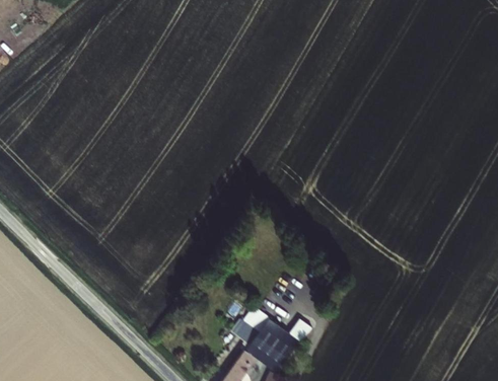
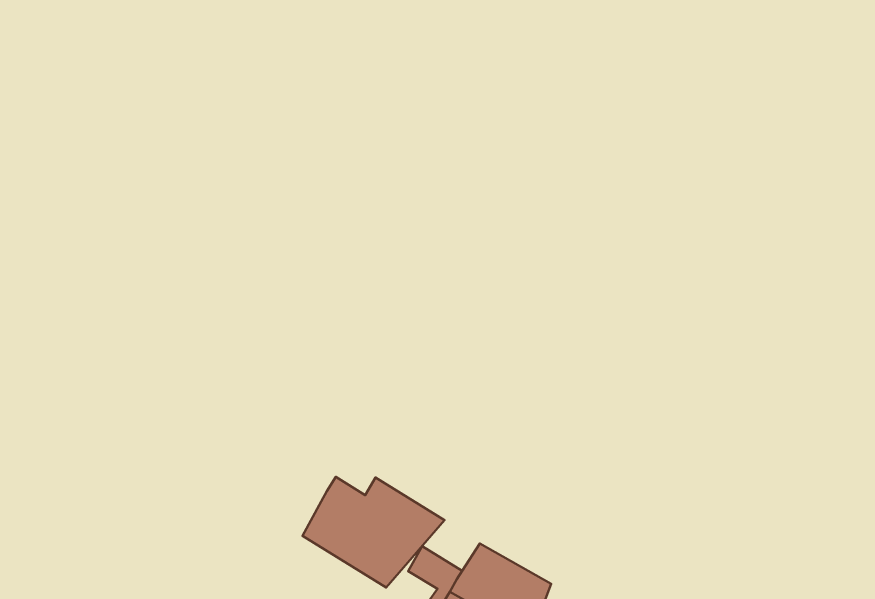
building: none -> [303,477,444,588]

